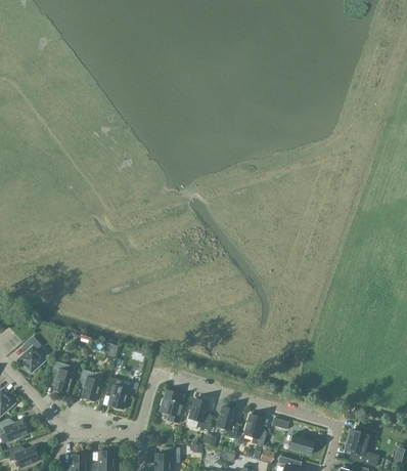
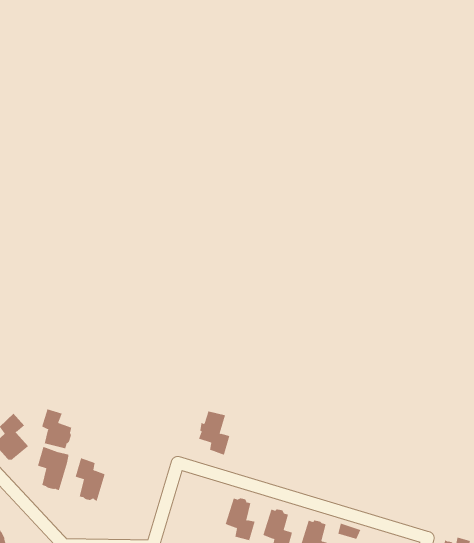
building: none -> [41,408,72,449]
building: [106,377,129,409] -> none
building: [160,390,183,423] -> [198,411,230,455]

